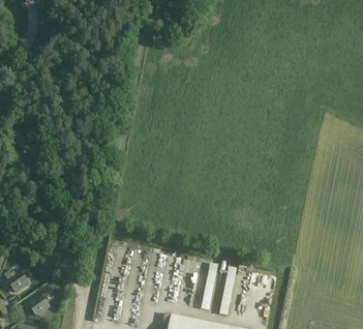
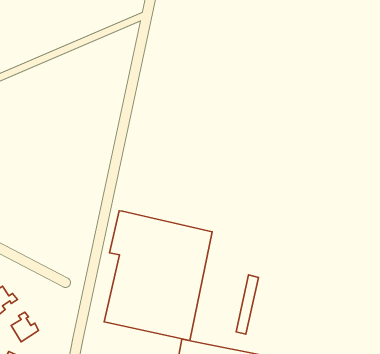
building: none -> [104,211,212,340]

